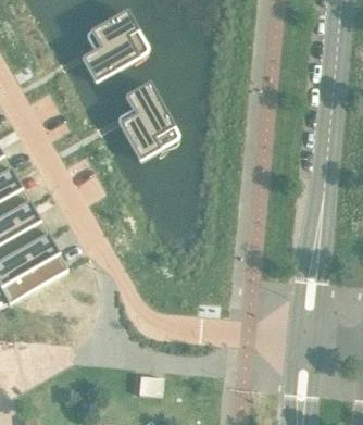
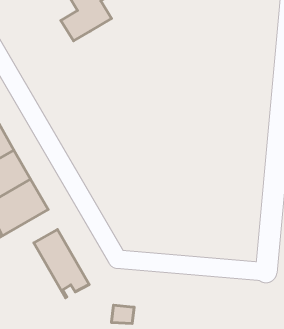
building: [120,83,172,158] -> none
building: none -> [34,230,89,298]

